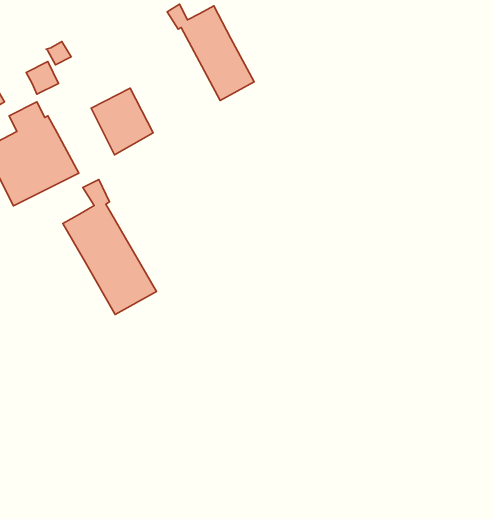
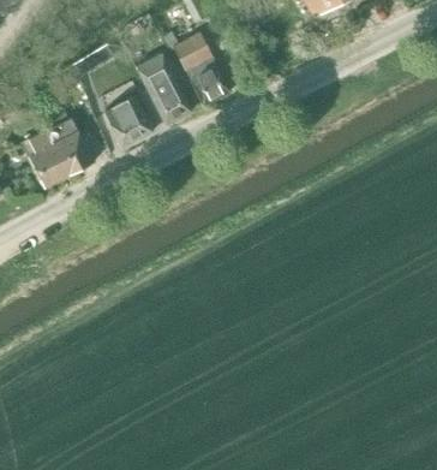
building: none -> [139,56,191,124]
building: [63,180,156,315] -> none

